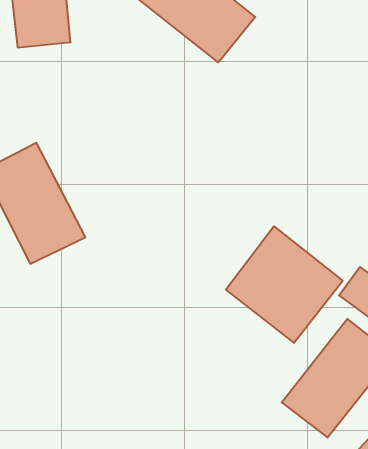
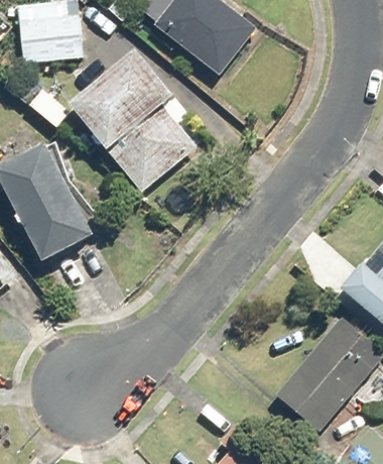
building: none -> [67,49,206,194]
building: [226,226,343,343] -> none

